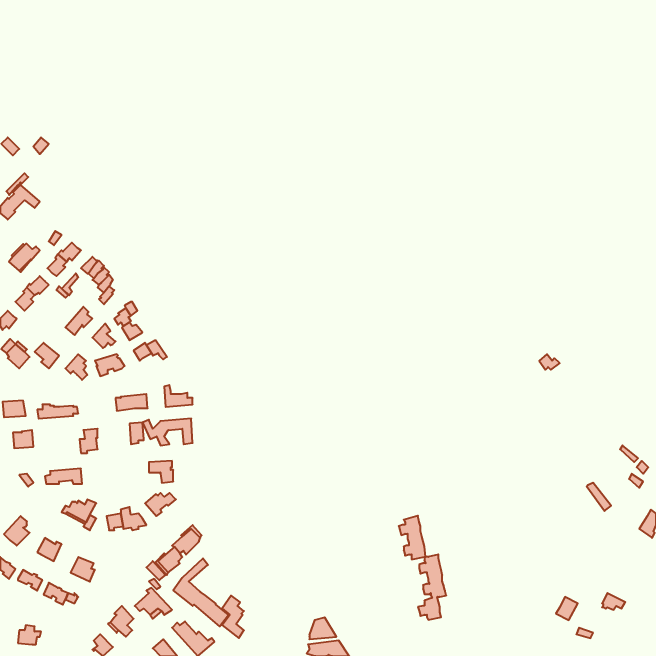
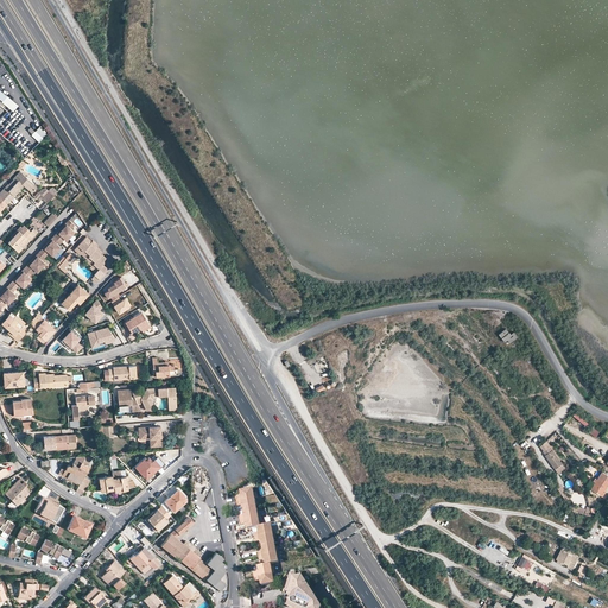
building: [399,516,446,620] -> [235,488,279,584]

